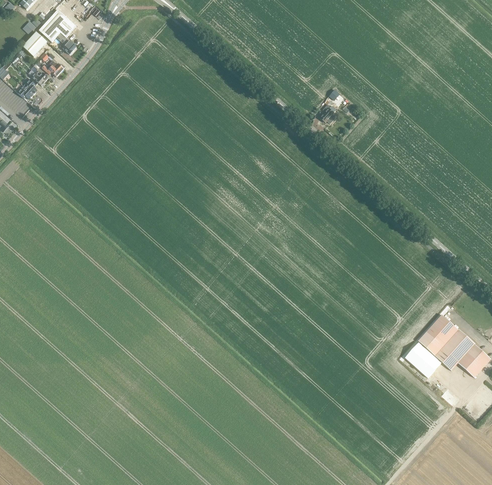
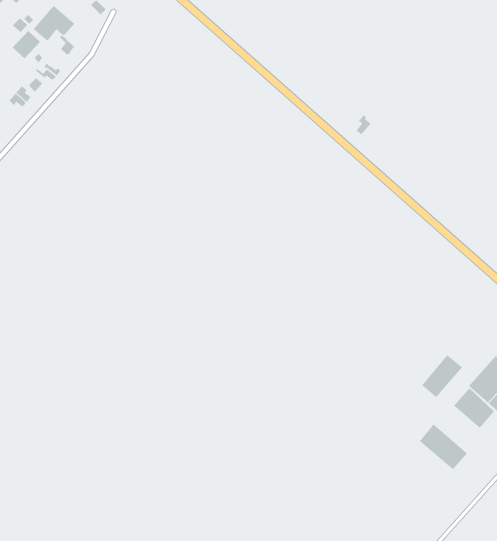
building: none -> [421,354,463,398]
building: none -> [419,423,468,470]

